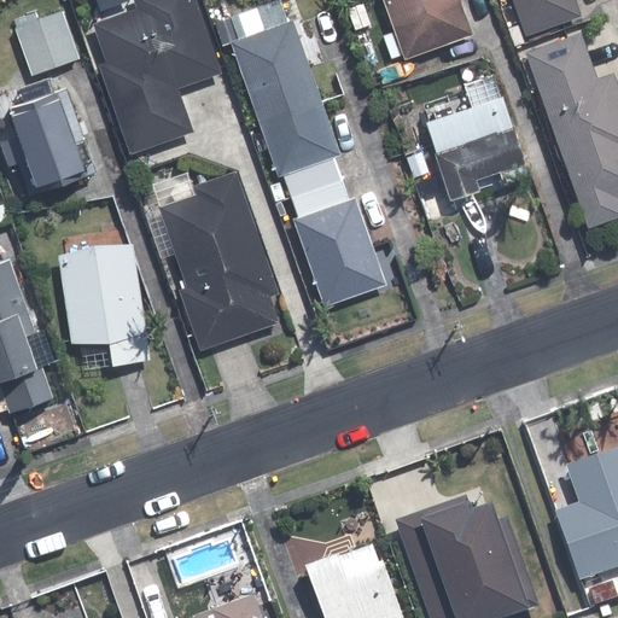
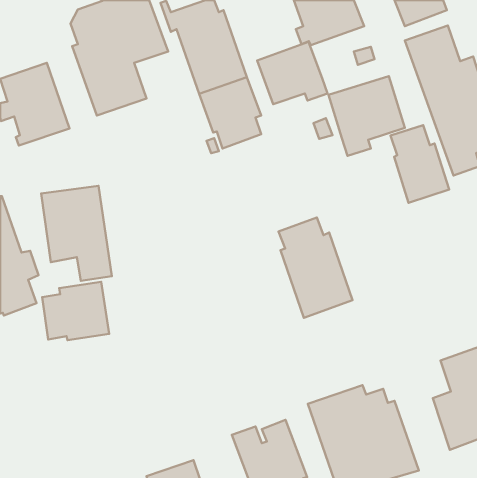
building: [14,10,78,72] -> none
building: none -> [257,42,328,104]
building: none -> [390,125,449,203]
building: [158,169,278,346] -> none
building: [290,175,385,304] -> [278,217,353,318]
building: none -> [42,282,109,340]

